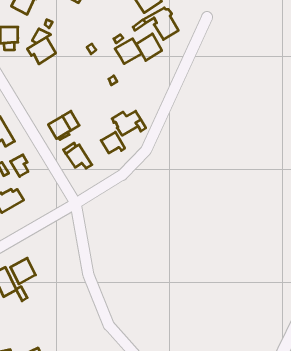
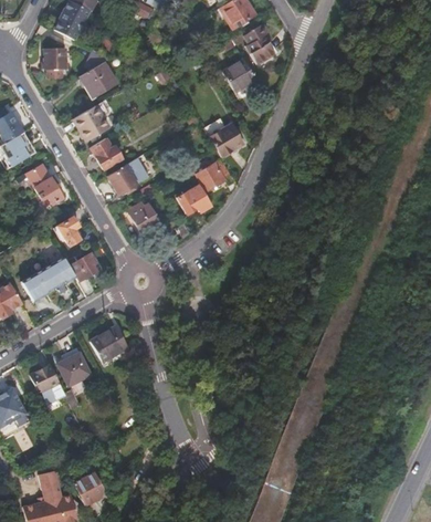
building: [115,39,142,64] -> [209,123,244,156]
building: none -> [74,105,109,140]
building: none -> [91,138,123,169]
building: none -> [66,252,96,281]
building: none -> [91,325,128,361]

